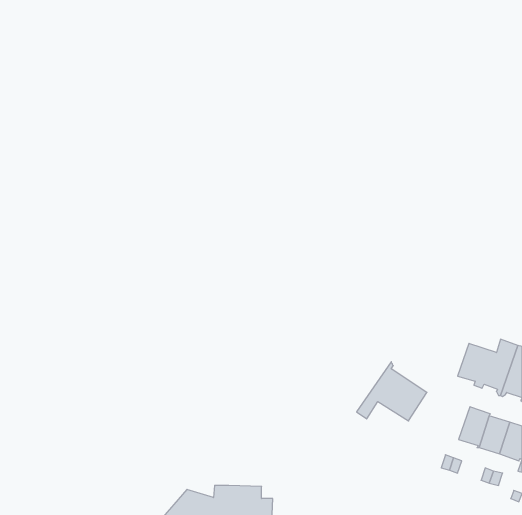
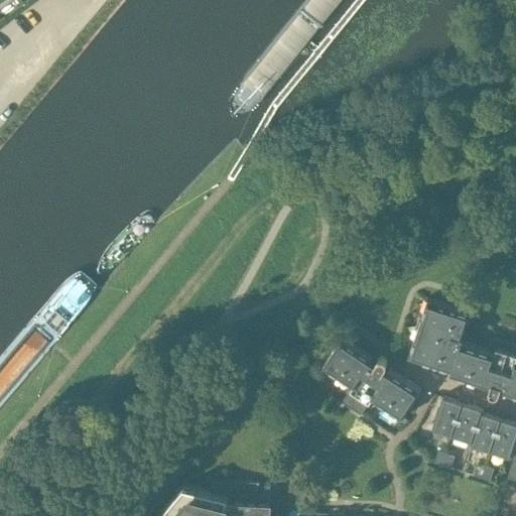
building: none -> [409,302,472,378]
building: none -> [324,342,386,413]
building: none -> [432,401,464,440]

